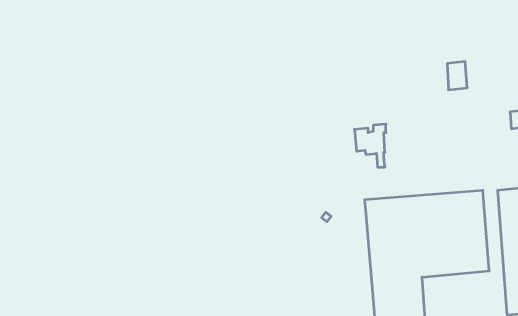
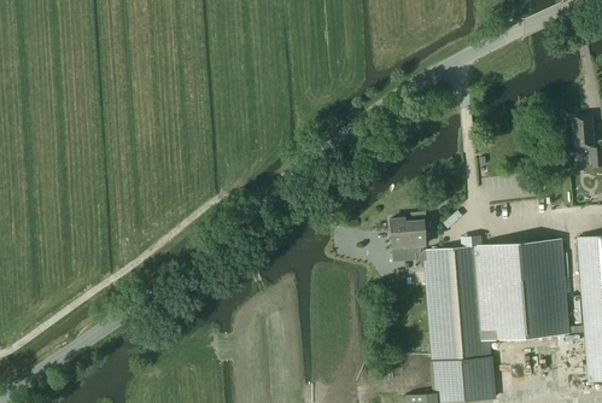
building: [447,62,467,90] -> [572,117,595,150]
building: [354,124,386,167] -> [390,214,426,263]

